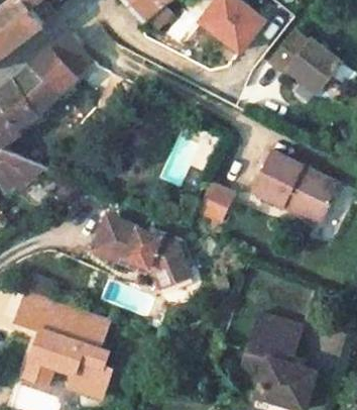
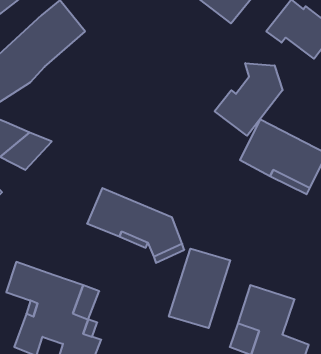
building: none -> [215,63,283,136]
building: [198,183,234,225] -> none
building: none -> [169,249,230,328]

